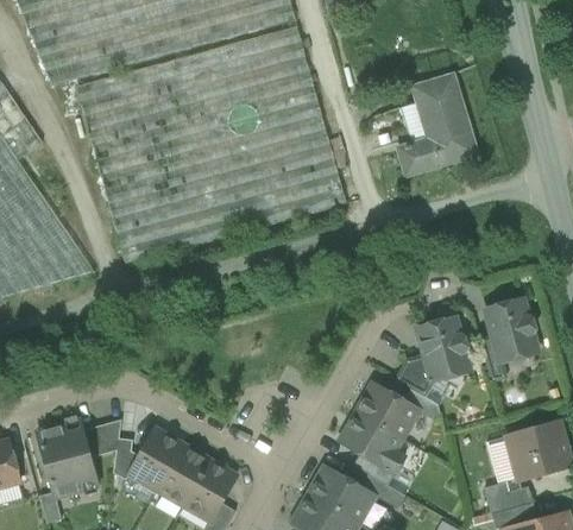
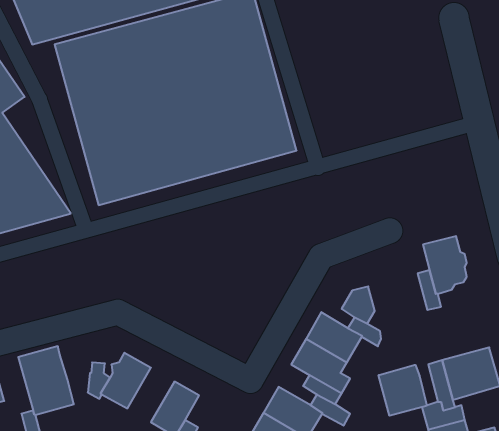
building: [397,74,477,173] -> none
building: [417,315,466,380] -> none
building: [82,418,121,456] -> none
building: none -> [379,365,427,416]
building: [157,443,209,504] -> none

